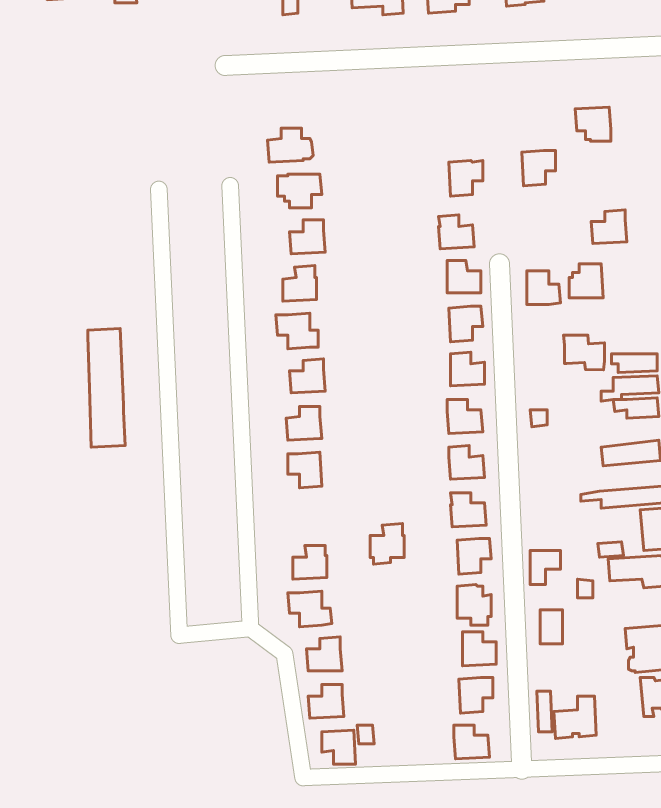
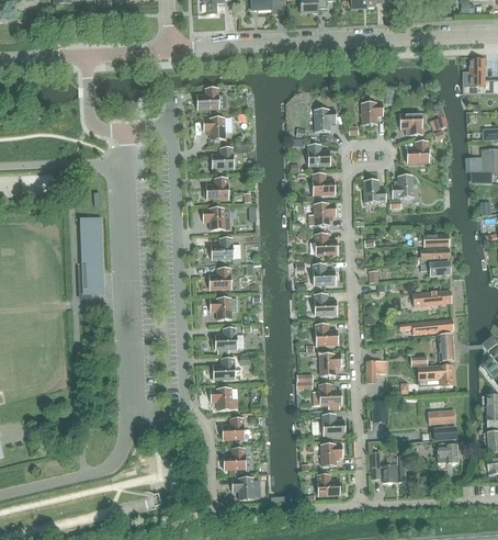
building: [575,107,611,141] -> [399,113,422,135]
building: [564,335,605,370] -> none
building: [370,524,404,564] -> [215,327,237,353]

